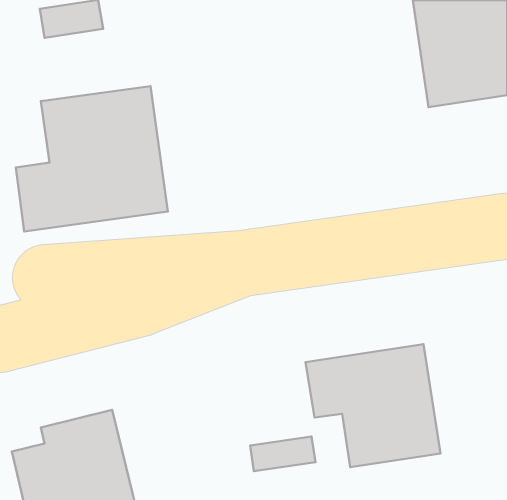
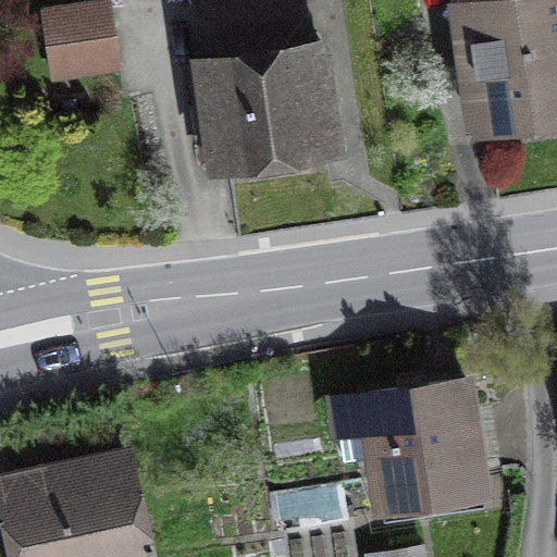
building: none -> [196,21,339,159]
building: [16,86,168,232] -> none

